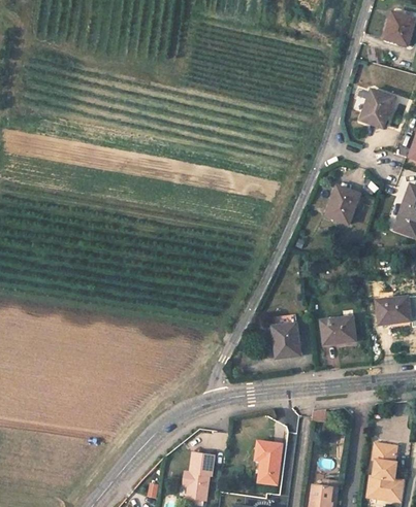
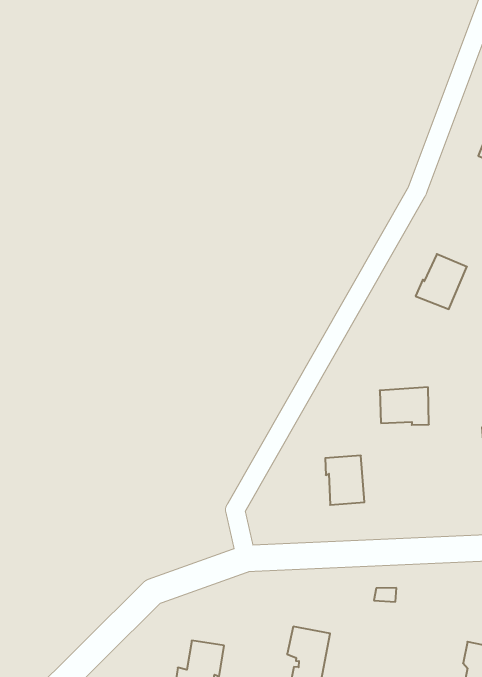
building: [321,317,355,343] -> [380,387,429,425]

